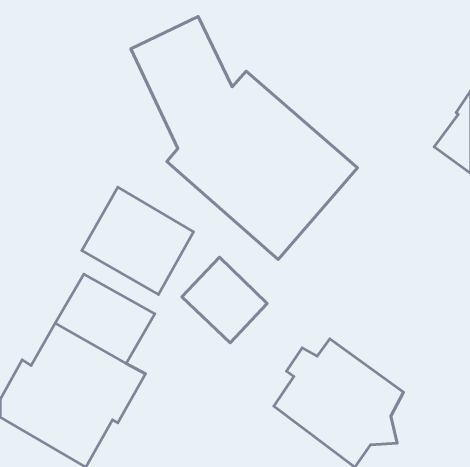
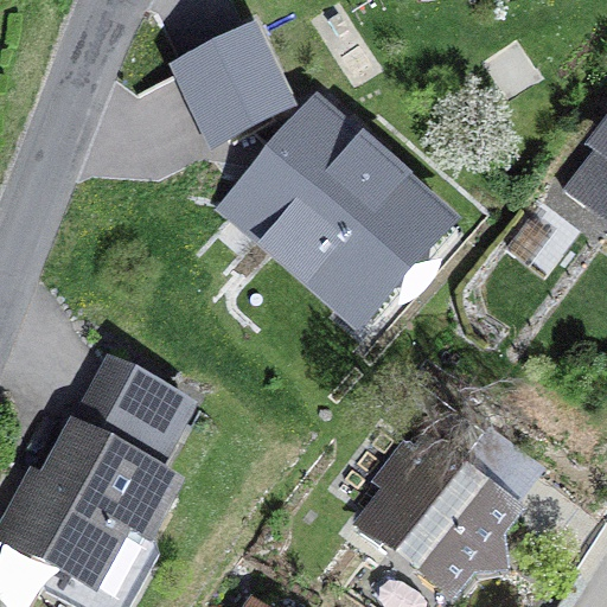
building: [82,187,194,294] -> none
building: [182,257,267,343] -> none

